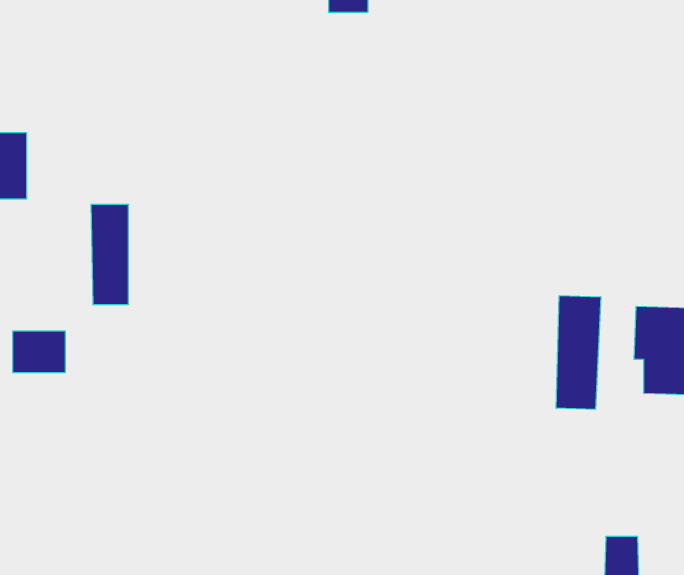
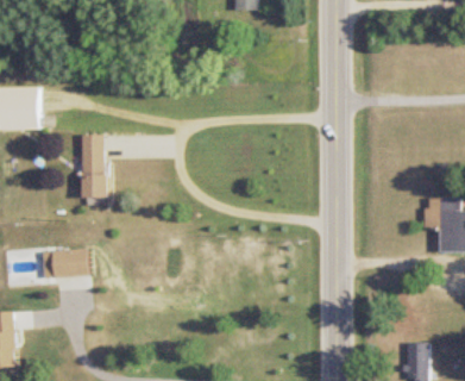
building: [556,296,601,409] -> none
building: [13,331,65,373] -> [55,248,88,274]

